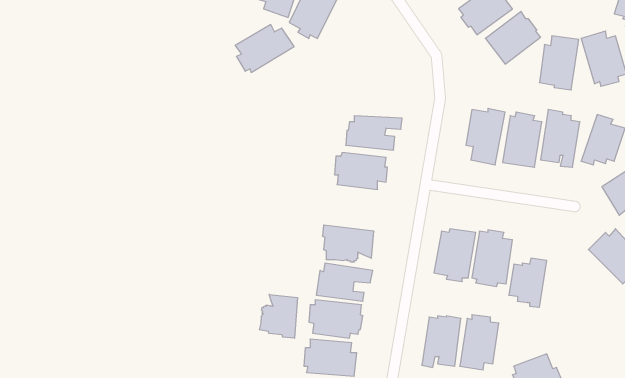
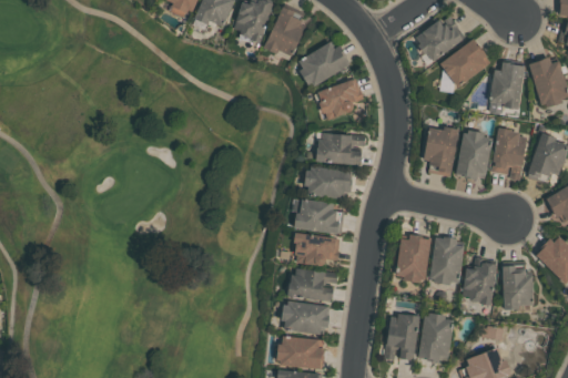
building: [235,25,294,72] -> [298,42,352,85]
building: none -> [317,76,363,119]
building: none -> [294,198,343,234]
building: none -> [500,265,532,311]
building: [259,294,298,338] -> none

